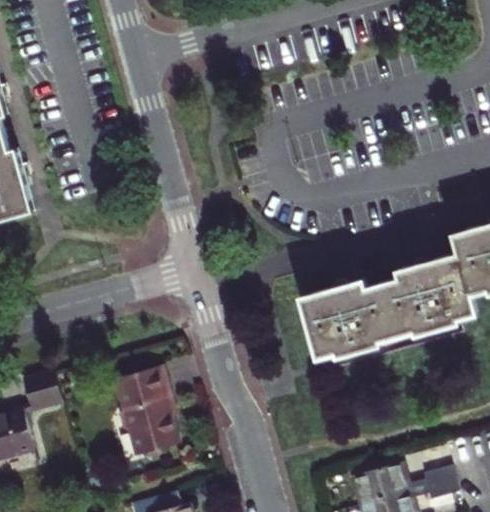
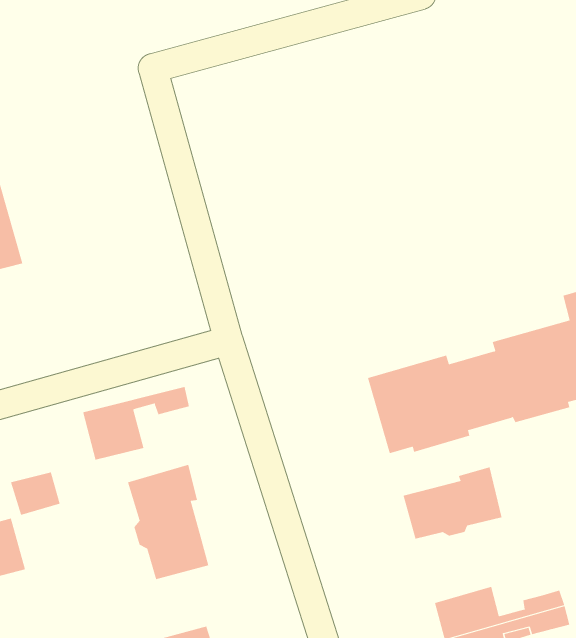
building: none -> [83,386,189,461]
building: none -> [403,466,502,540]

